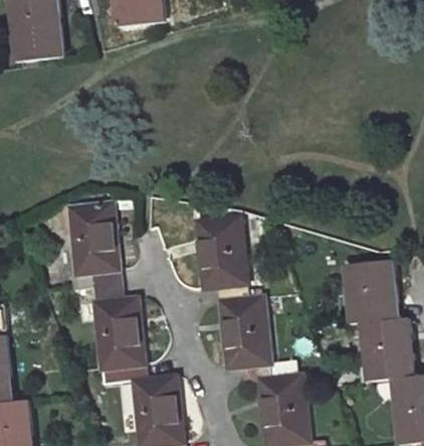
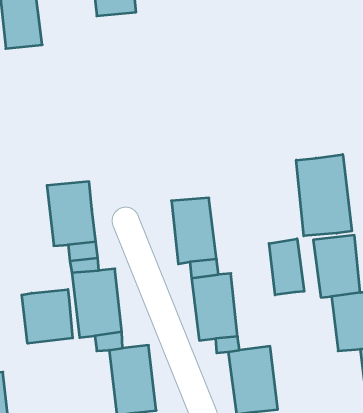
building: none -> [296,154,352,236]
building: none -> [269,239,304,295]
building: none -> [22,289,73,343]

